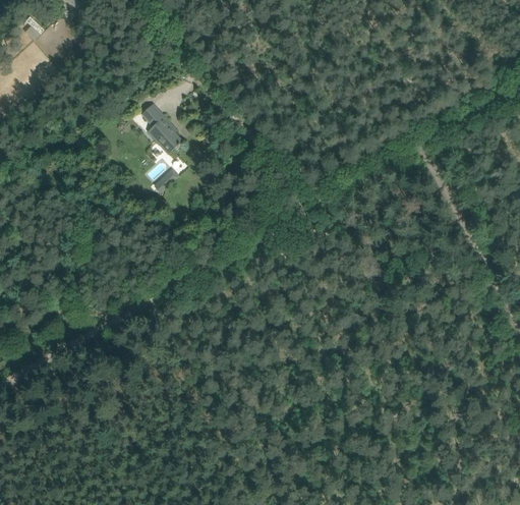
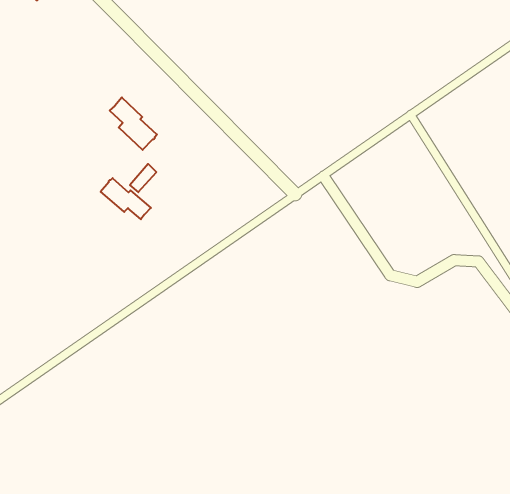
building: none -> [101,178,151,219]

